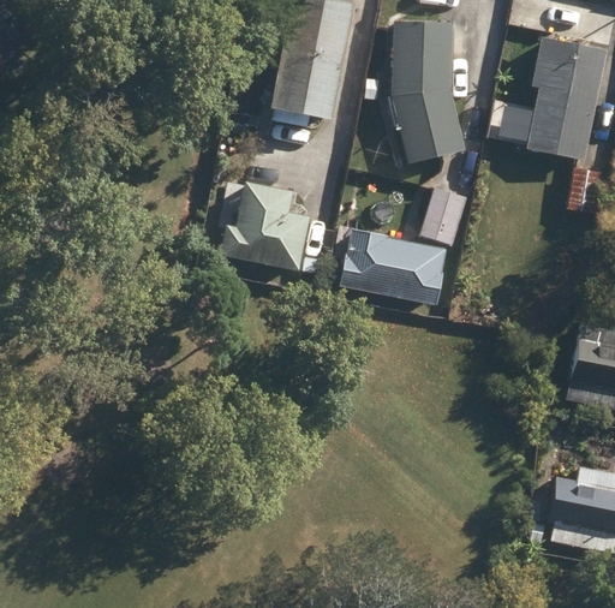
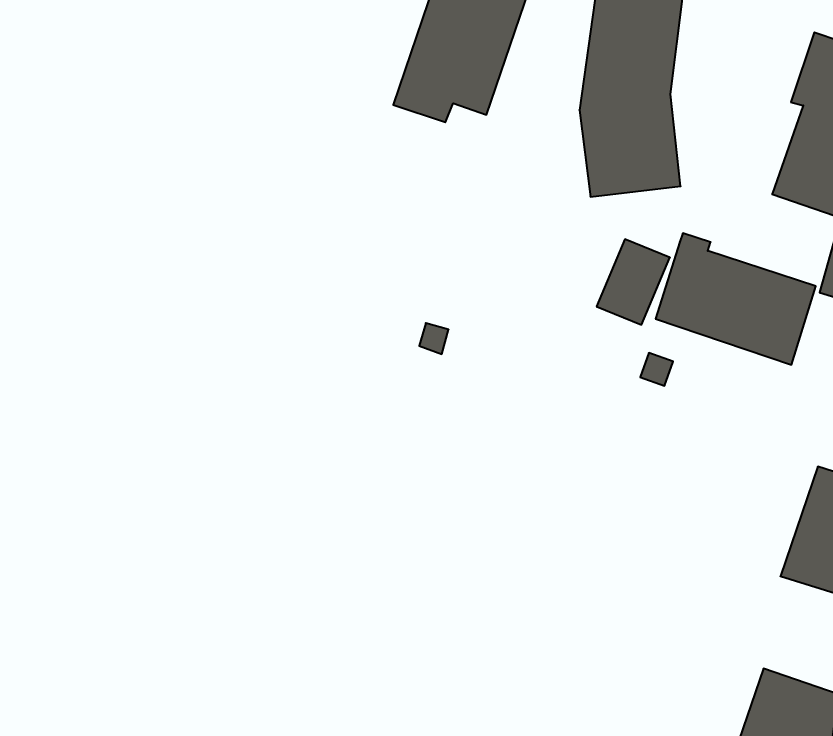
building: [219,183,309,272] -> none
building: [341,221,444,299] -> [656,233,816,365]

